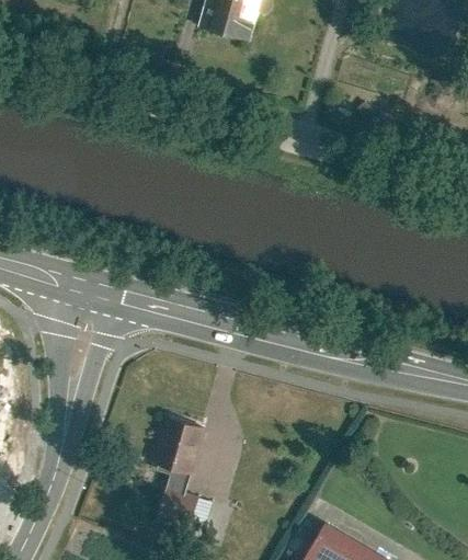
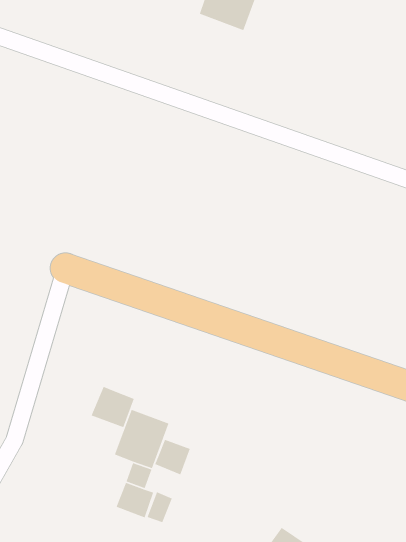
building: none -> [91,386,135,428]
building: none -> [154,439,191,475]

